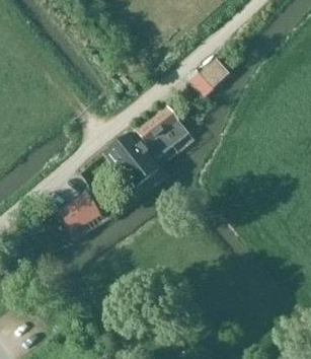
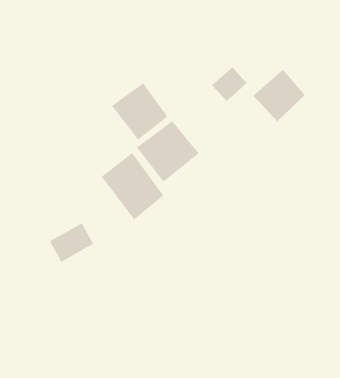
building: none -> [253,69,306,122]
building: none -> [111,82,168,141]

